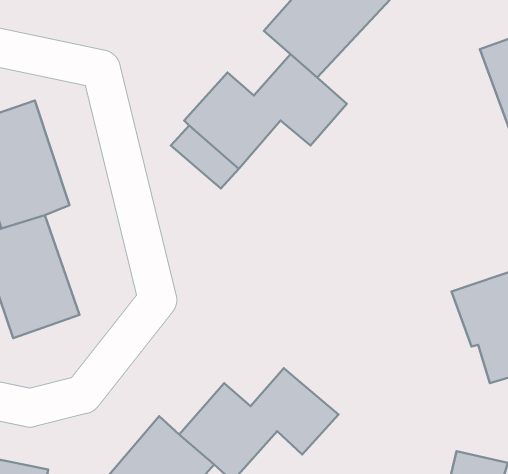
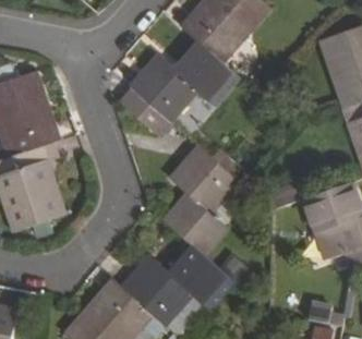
building: none -> [164,148,238,255]

